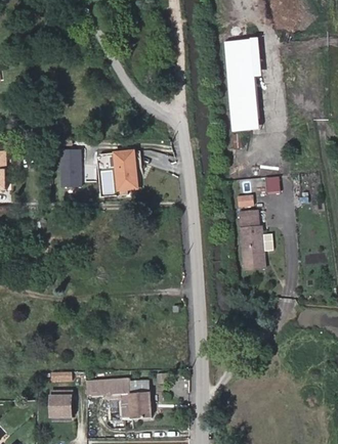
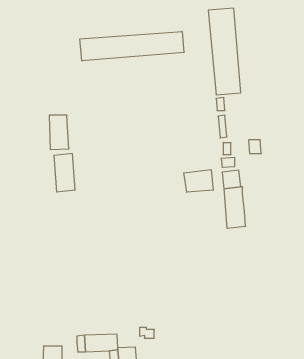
building: none -> [80,31,184,61]
building: [113,149,135,189] -> [54,154,75,192]
building: none -> [184,170,213,192]

